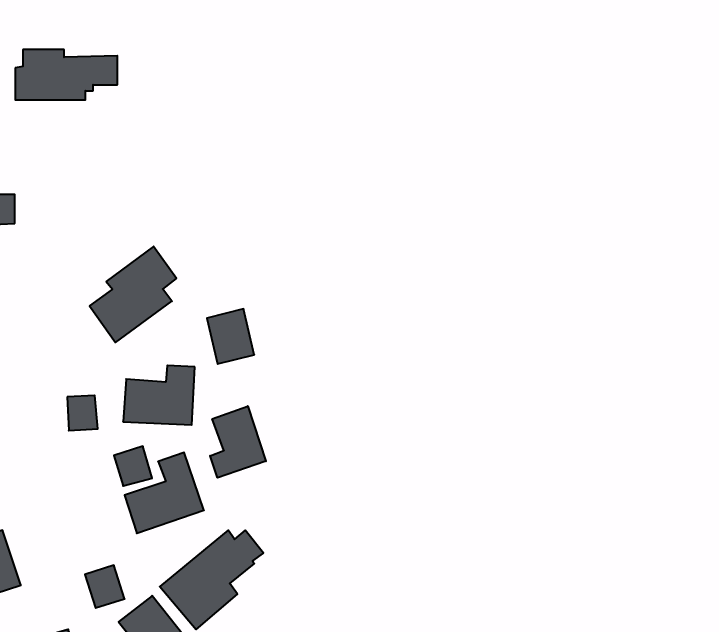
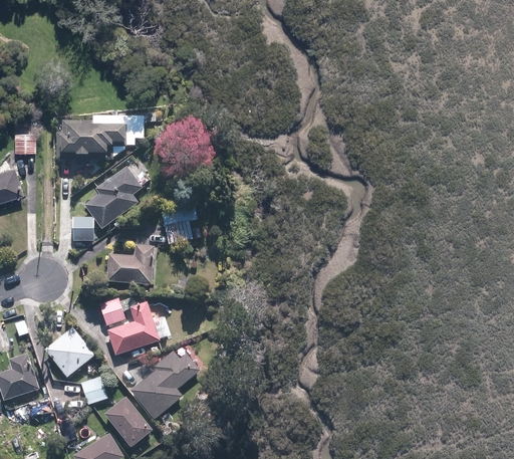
building: [15,50,117,100] -> [58,121,125,154]
building: [67,395,98,431] -> [73,218,93,241]
building: [210,406,266,478] -> none
building: none -> [44,326,94,377]

